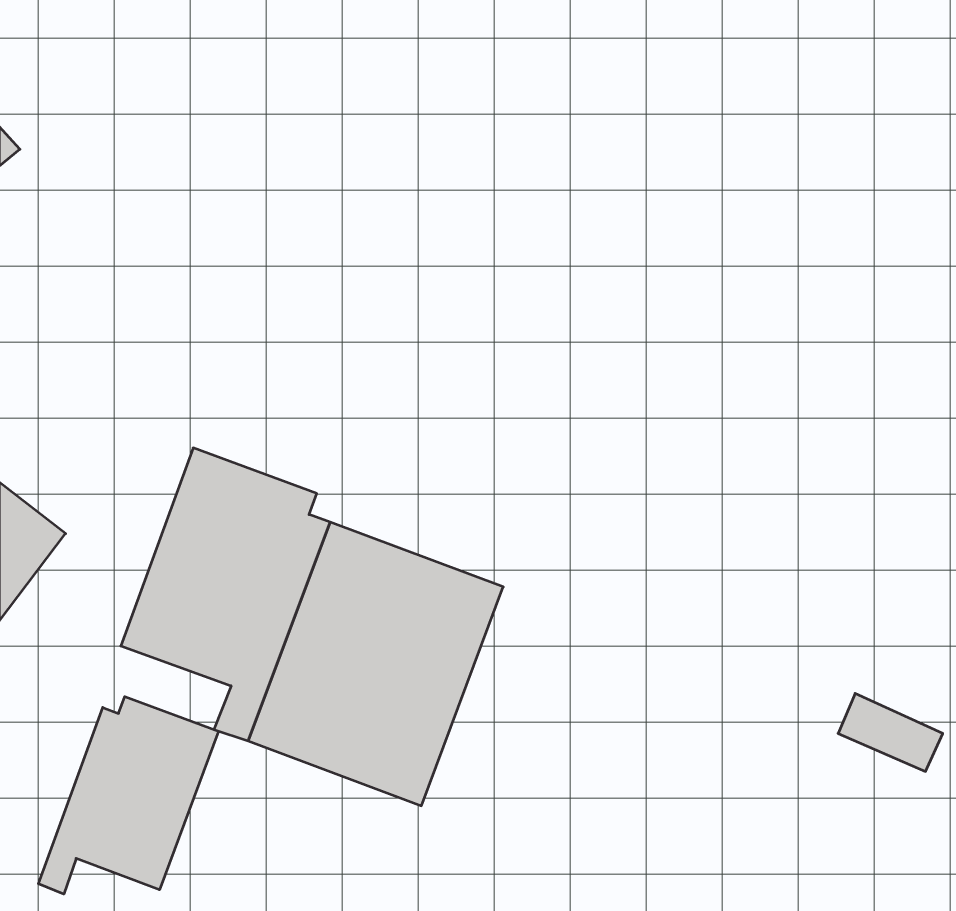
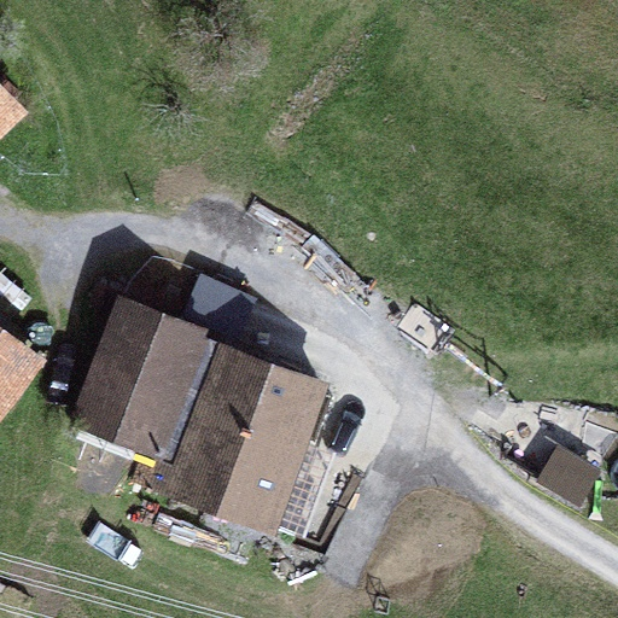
building: [38,697,218,894] -> none

